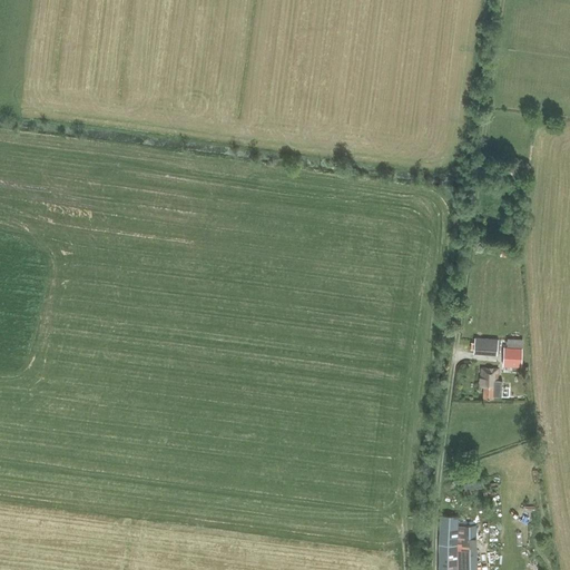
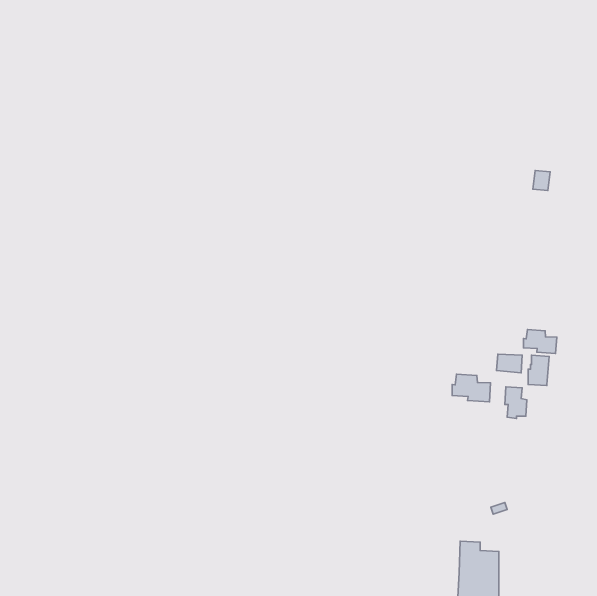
building: none -> [523,330,557,354]
building: none -> [452,374,491,402]

